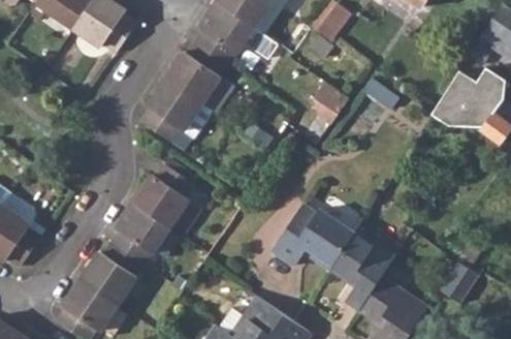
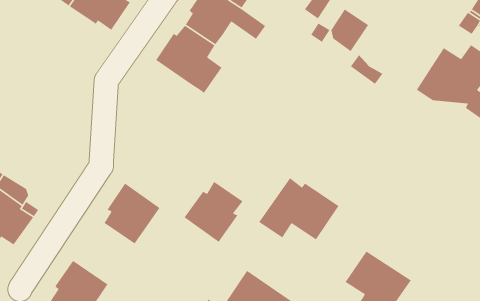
building: [309,80,348,124] -> [330,8,369,52]
building: [140,83,210,155] -> none
building: [133,170,194,233] -> [183,181,243,243]
building: [327,227,393,308] -> none
building: [81,248,143,310] -> none
building: [436,256,478,301] -> none

